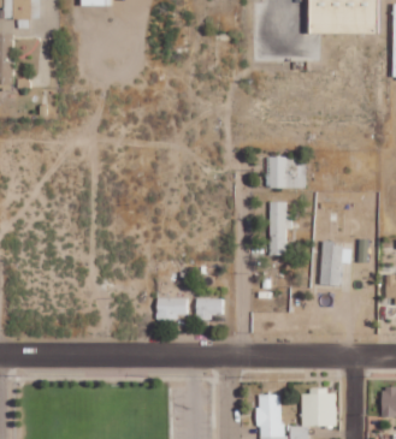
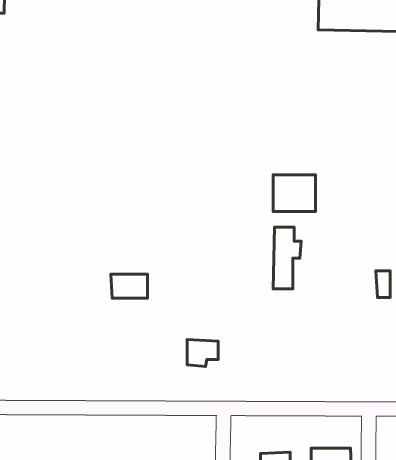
building: [321,243,343,285] -> none
building: [156,298,188,319] -> [111,274,147,298]

